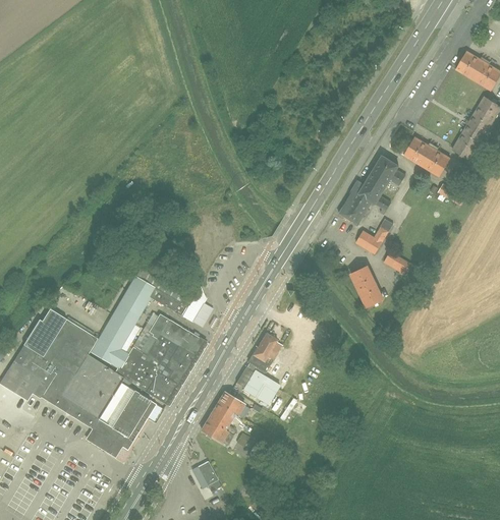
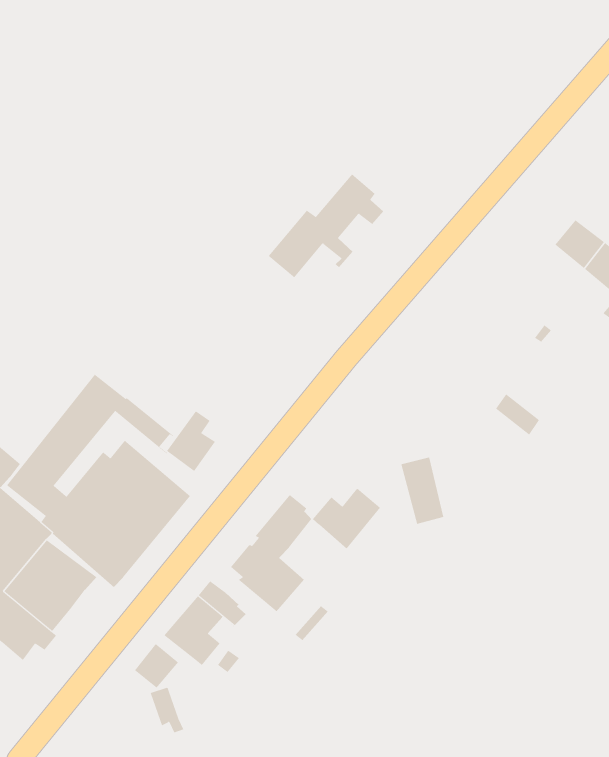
building: [338,155,405,224] -> [268,174,384,278]
building: [354,218,393,252] -> none
building: [353,266,385,308] -> [401,457,444,525]
building: none -> [312,479,381,550]
building: none -> [134,643,179,688]

